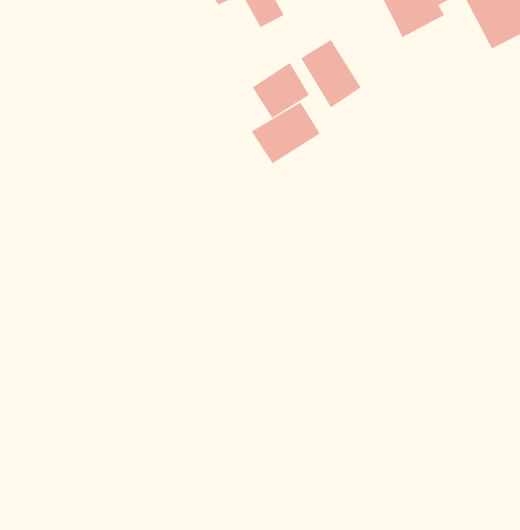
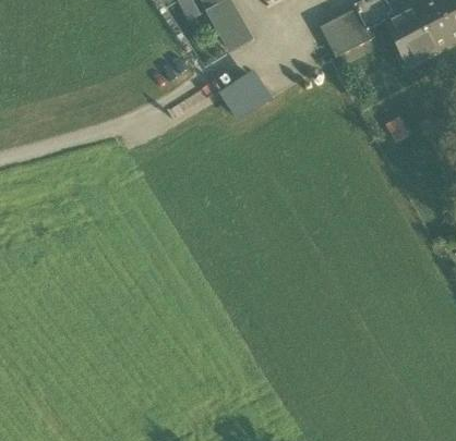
building: [301,39,362,108] -> none
building: [251,102,320,164] -> none

